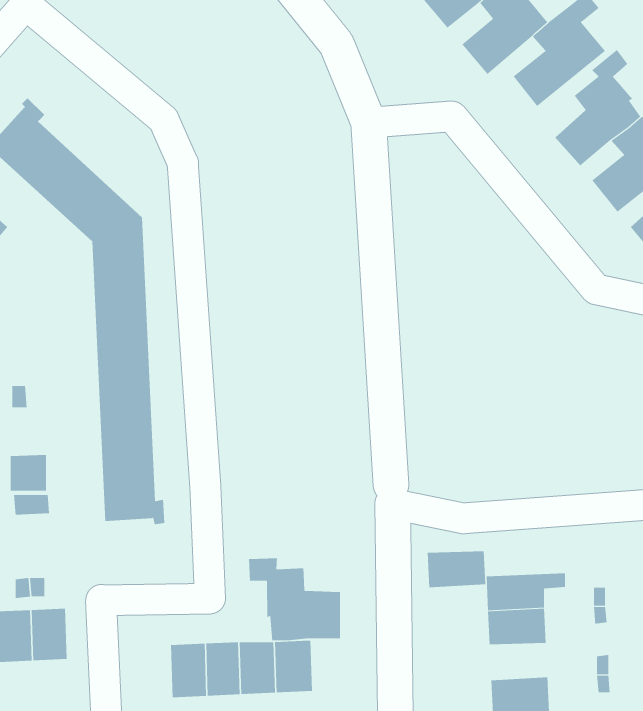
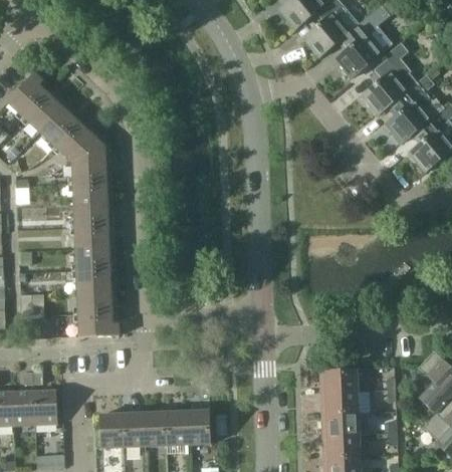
building: [427,551,486,588] -> [320,413,358,436]
building: [249,558,341,641] -> none
building: none -> [98,414,122,447]

